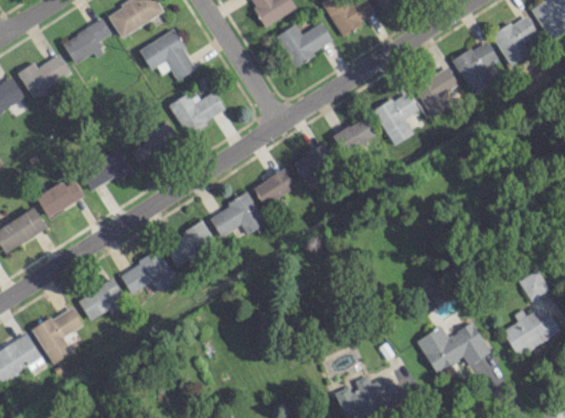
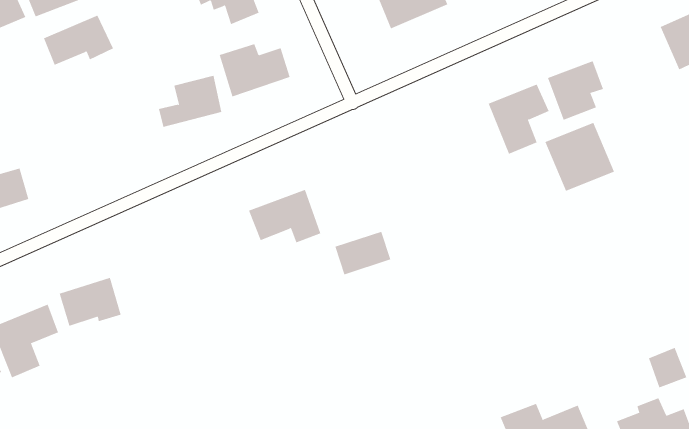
building: [451,40,507,94] -> [544,122,615,191]
building: [333,117,375,153] -> none
building: [292,143,334,179] -> none
building: [81,148,134,190] -> [43,15,114,65]
building: [253,169,296,205] -> [335,231,391,275]
building: [36,180,84,217] -> none
building: [163,222,215,265] -> none
building: [119,249,177,293] -> none

